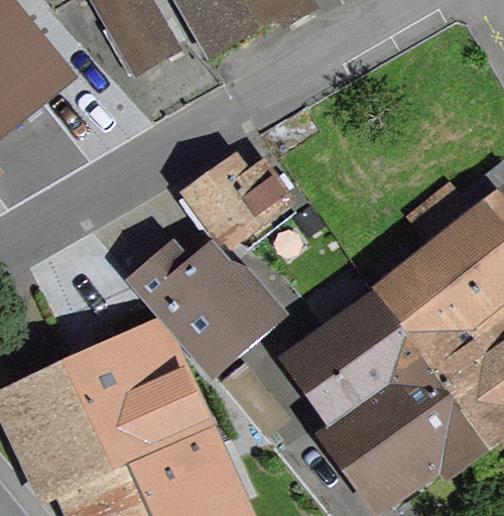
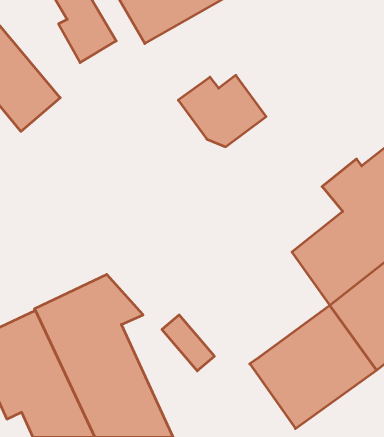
building: [192,164,294,248] -> [178,75,266,147]
building: [135,251,271,367] -> none
building: [292,297,422,421] -> none

